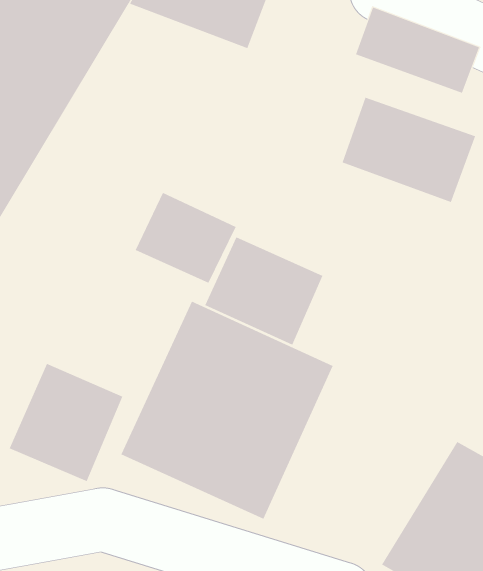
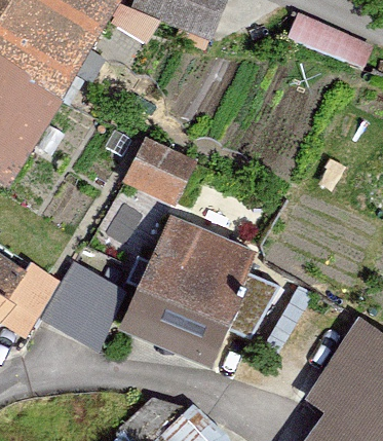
building: [342,97,476,203] -> none
building: [204,236,323,345] -> none

